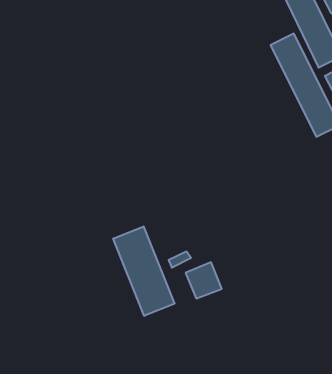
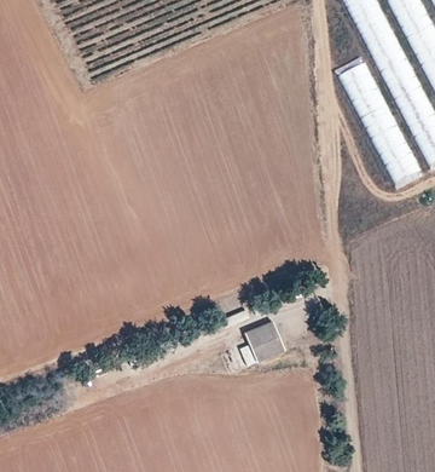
building: [113,226,175,316] -> none

